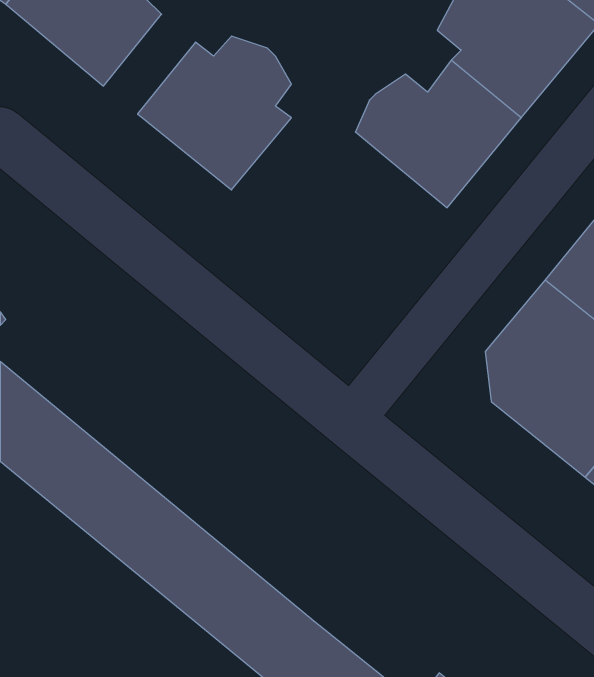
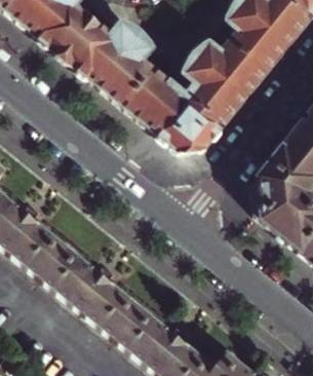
building: none -> [54,12,102,64]
building: none -> [120,66,231,150]

